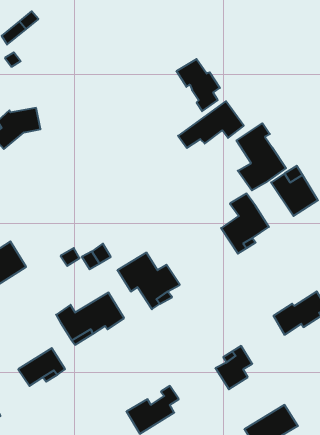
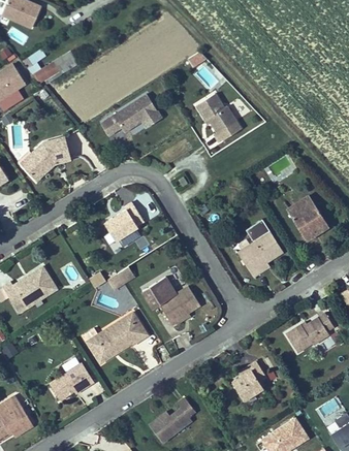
building: [178,101,244,148] -> [101,94,162,137]
building: [237,123,286,190] -> none
building: none -> [101,201,144,241]

